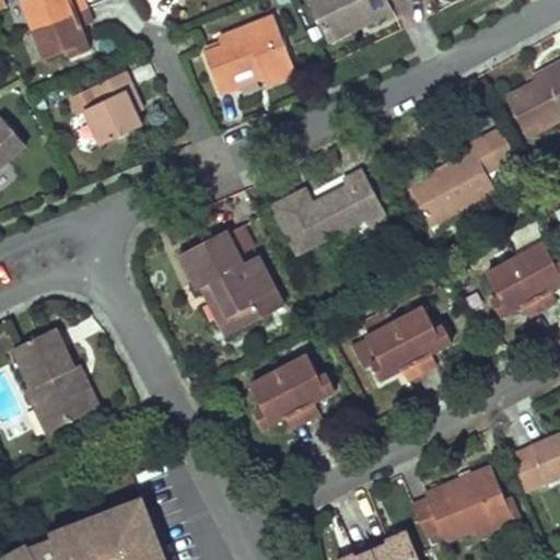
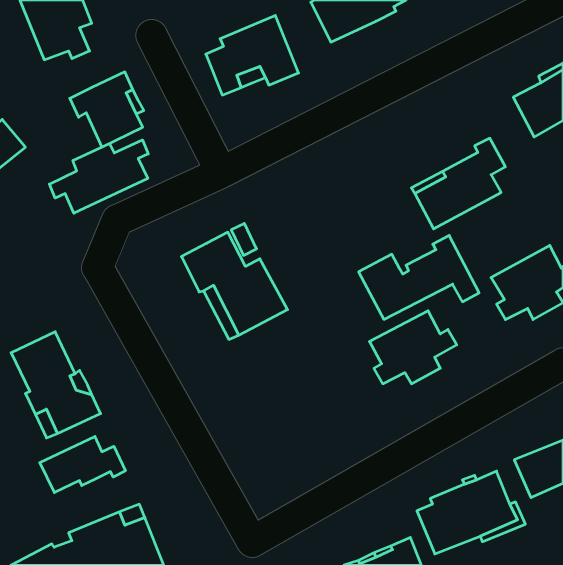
building: none -> [49,140,148,213]
building: [271,171,390,254] -> [359,235,479,319]
building: [249,354,335,428] -> none
building: none -> [40,436,125,493]

